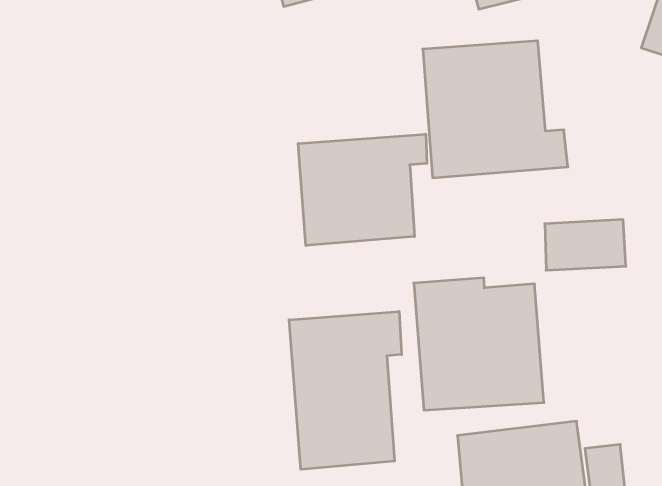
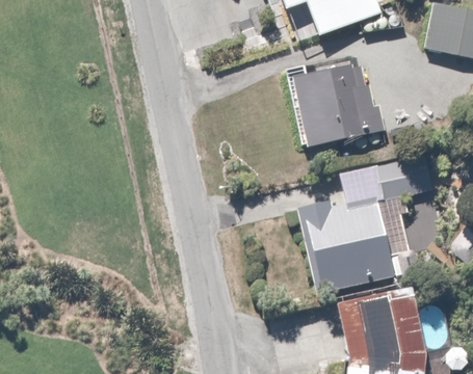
building: [298,134,427,246] -> none
building: [289,311,402,469] -> none

